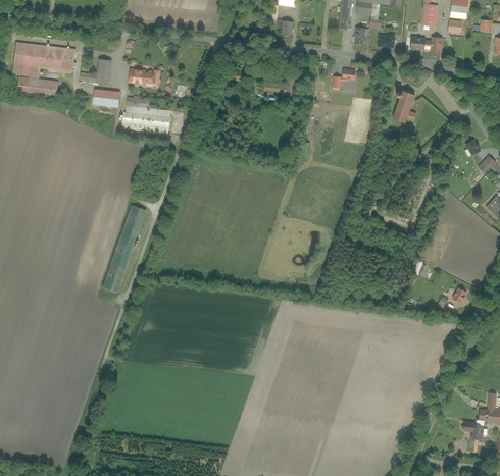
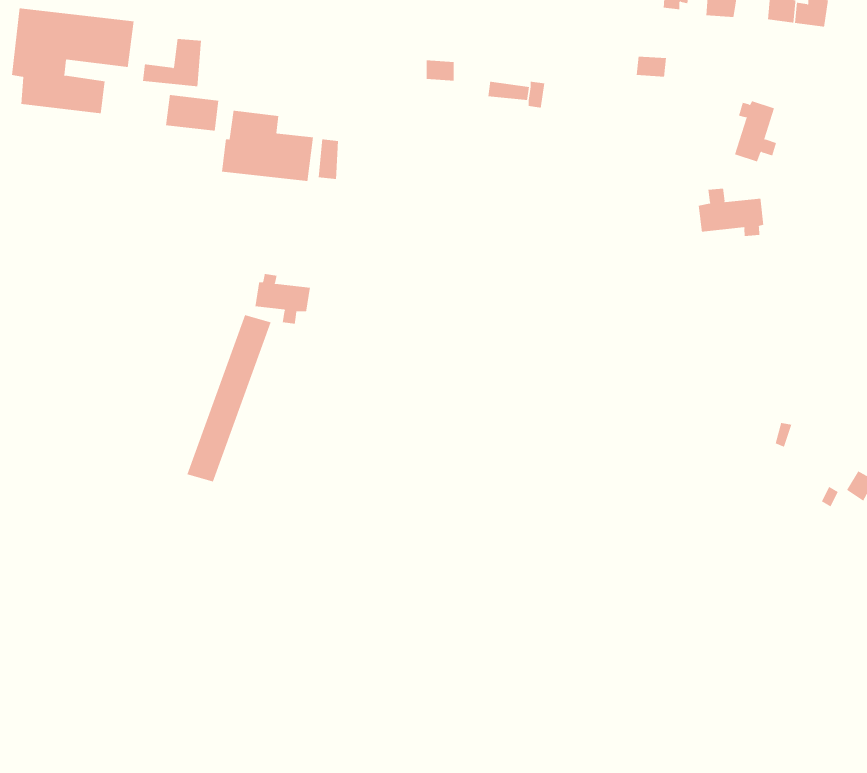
building: [127,67,159,88] -> none
building: none -> [698,188,764,237]
building: none -> [255,273,310,325]

